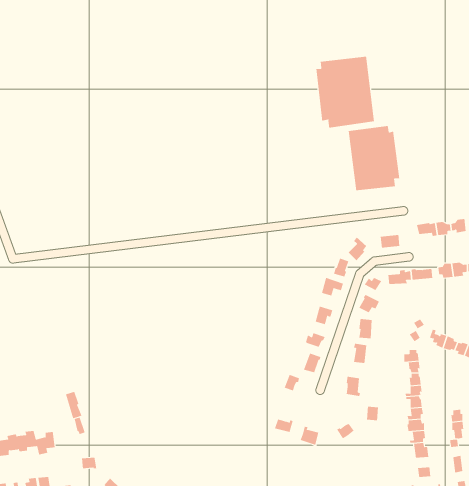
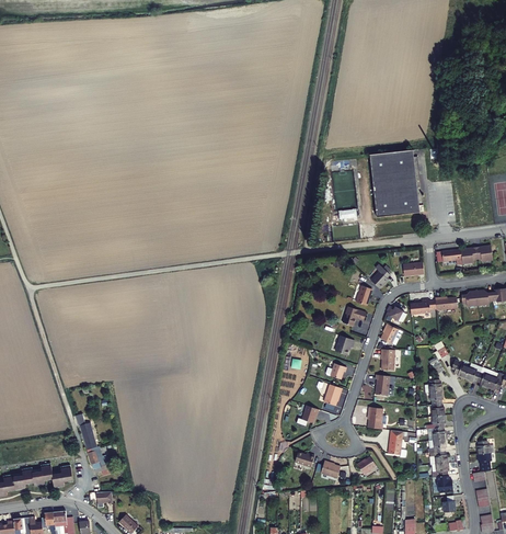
building: [316,56,375,128] -> none

